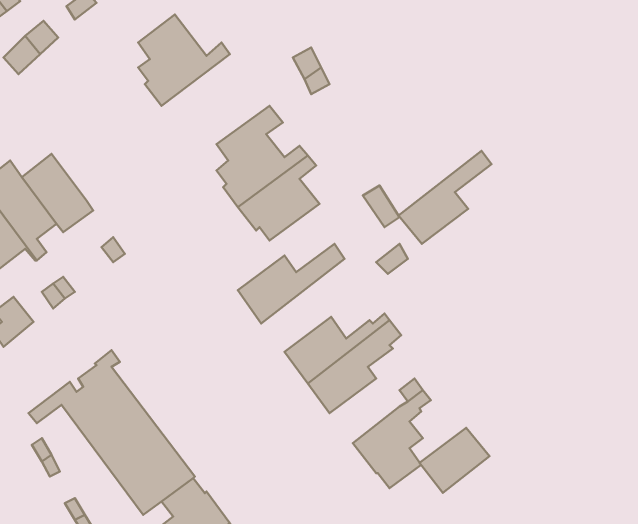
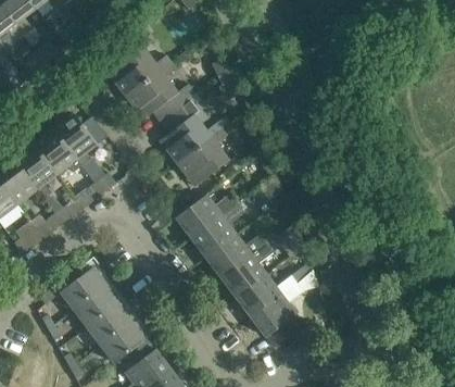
building: none -> [126,63,197,122]
building: none -> [54,114,106,159]
building: [398,151,492,244] -> [191,197,252,258]
building: [420,428,489,493] -> [236,275,281,317]

